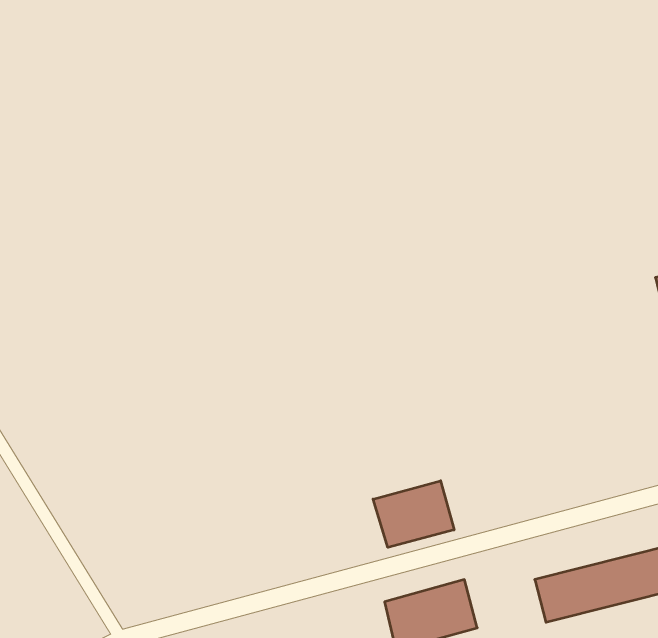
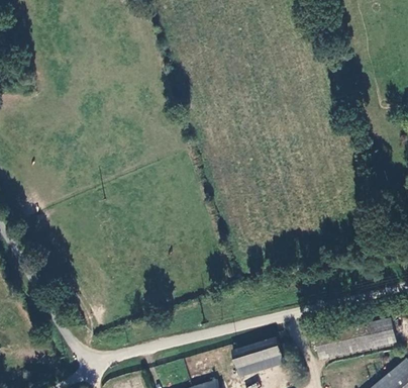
building: [373,481,454,547] -> none

